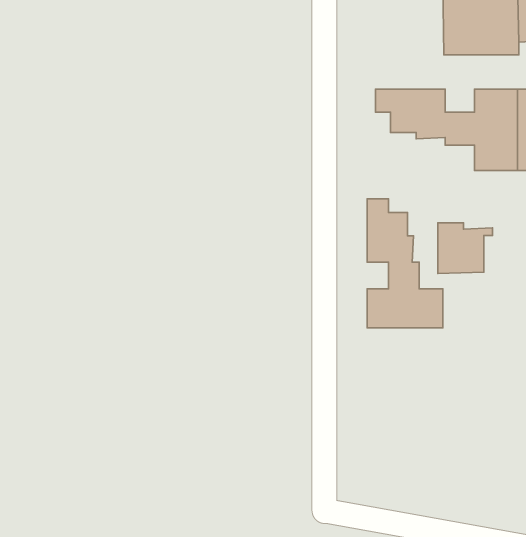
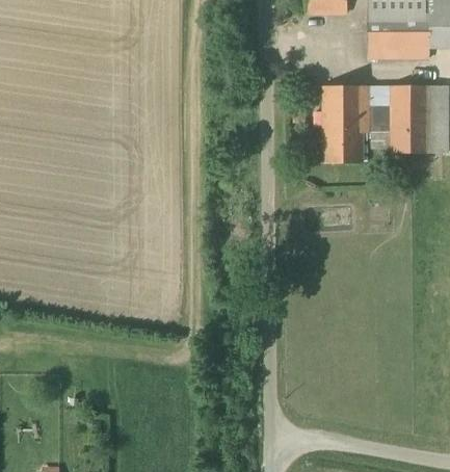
building: [367,199,443,328] -> none
building: [438,223,493,274] -> [326,121,371,162]

